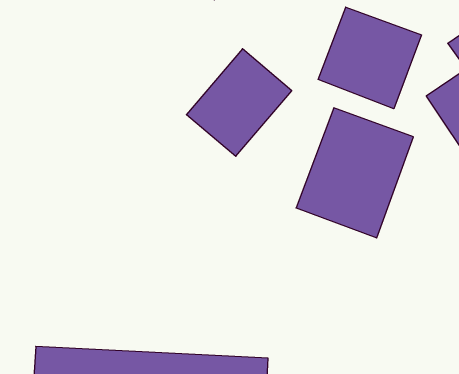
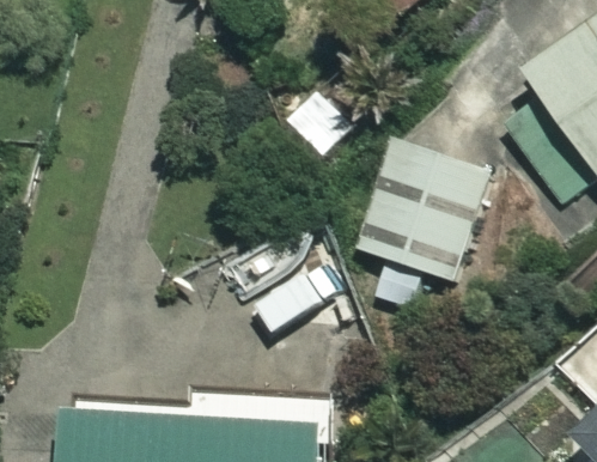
building: [318,7,421,109] -> none

